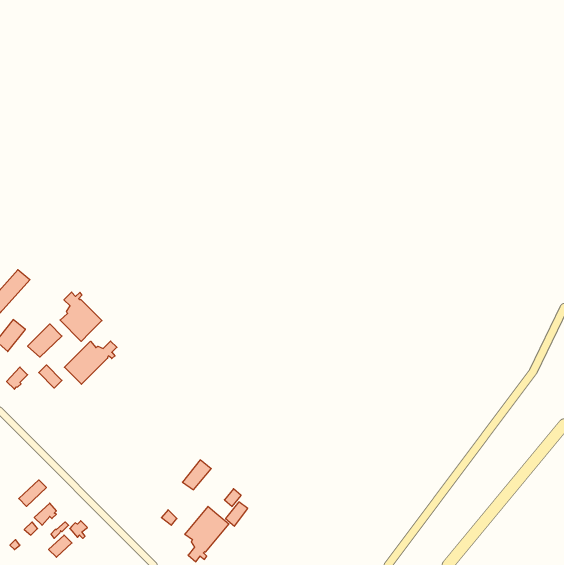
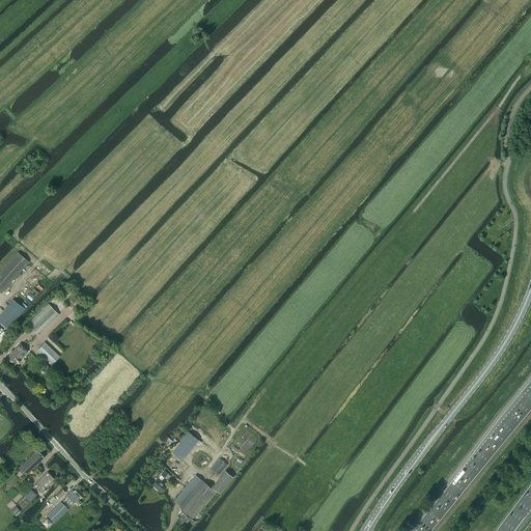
building: [60,292,102,341] -> none
building: [64,341,117,384] -> none

